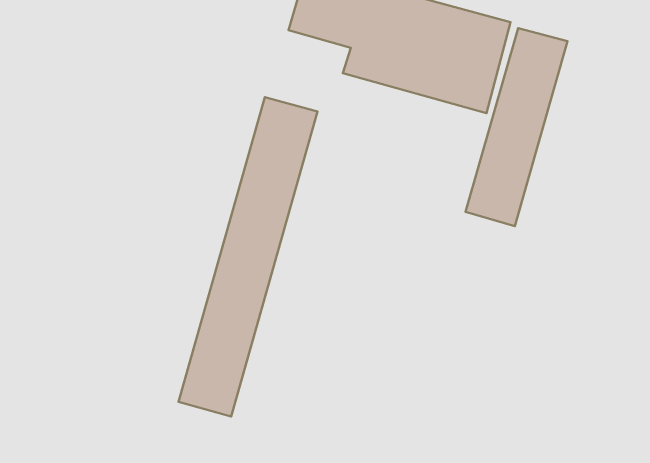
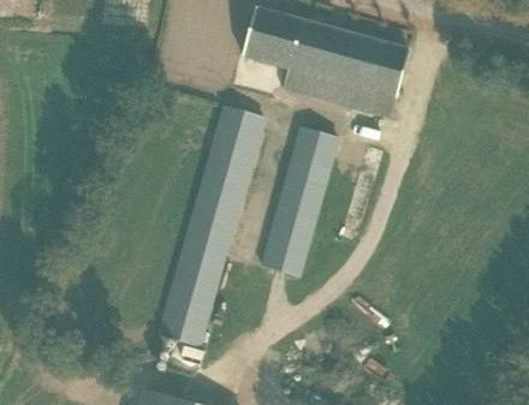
building: [465,28,567,226] -> [261,127,338,276]

